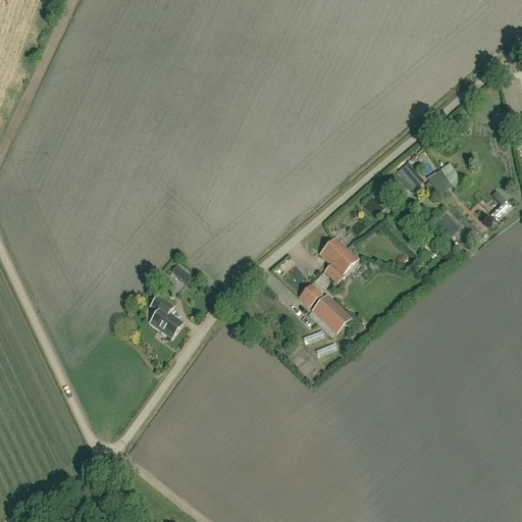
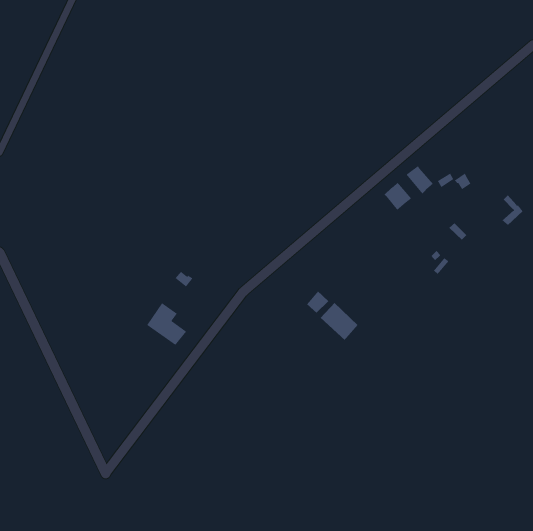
building: none -> [384,182,412,211]
building: [319,238,357,282] -> none

